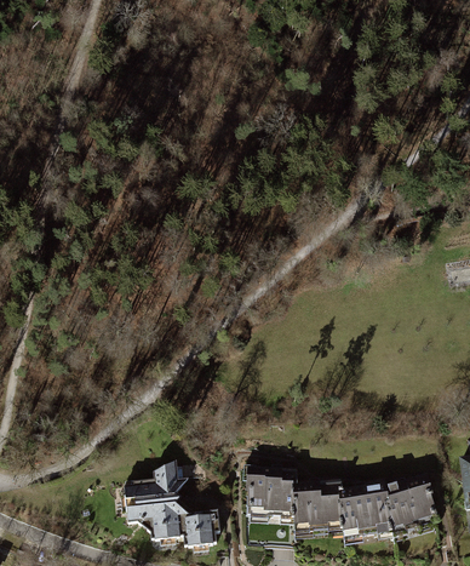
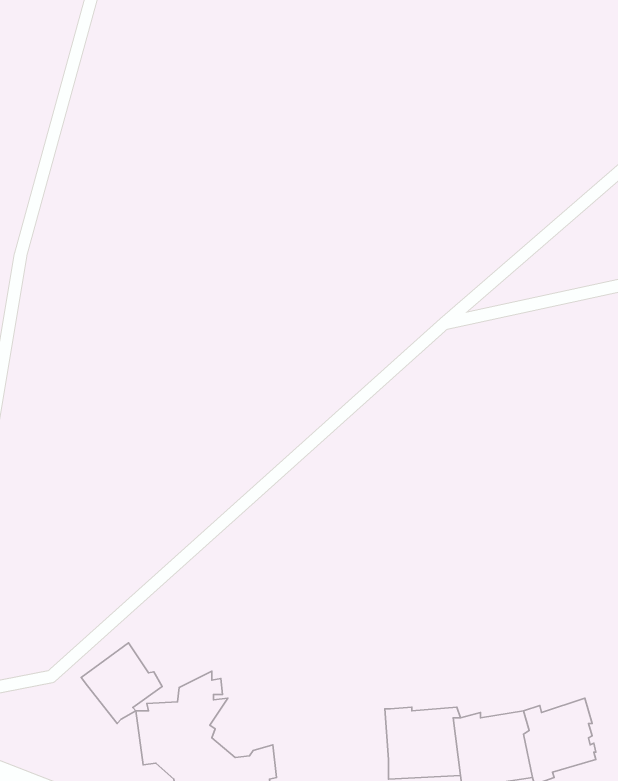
building: none -> [81,643,162,723]
building: [246,469,296,519] -> none

